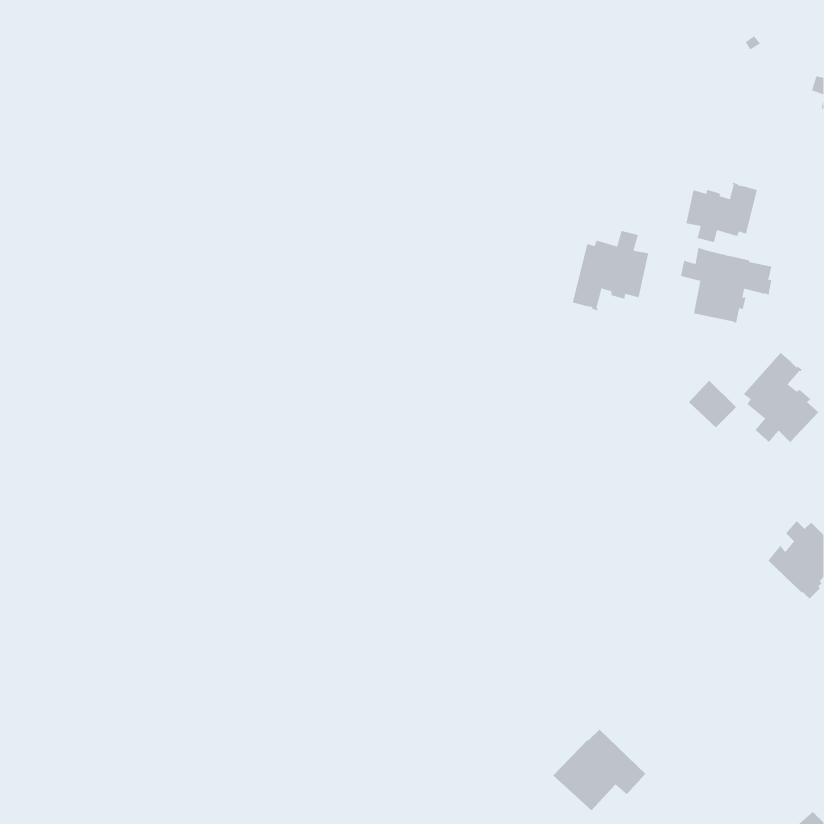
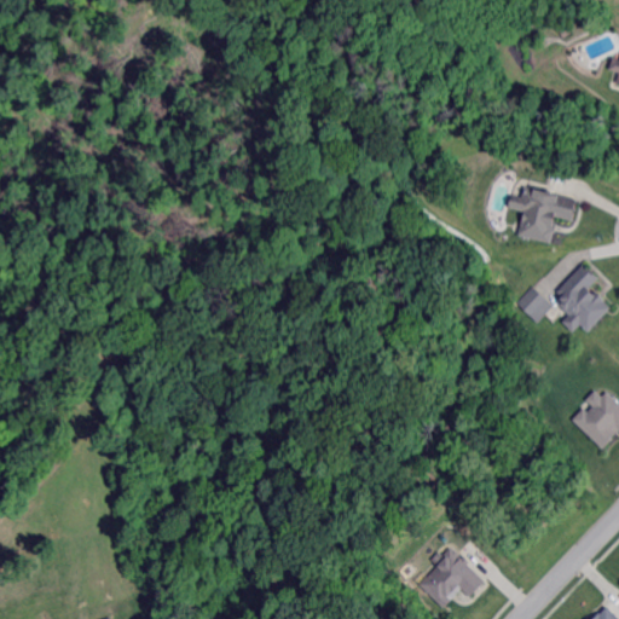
building: [686,182,758,243] -> none
building: [572,230,649,311] -> none

